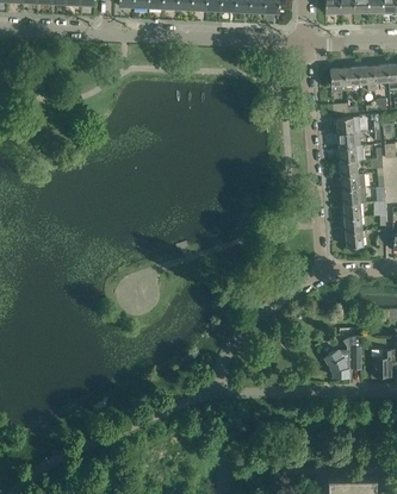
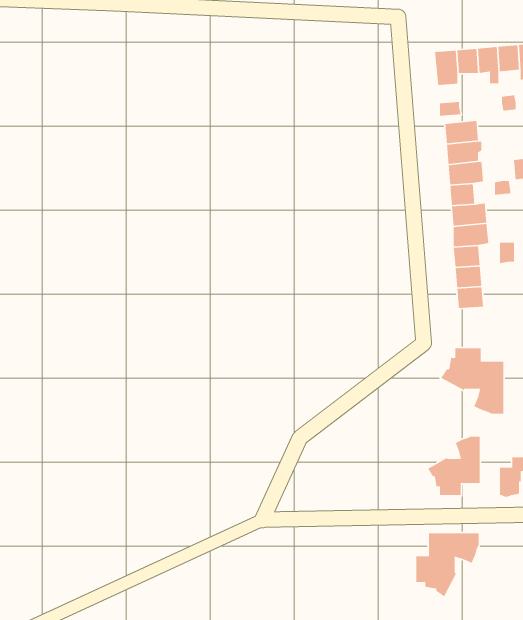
building: none -> [440,347,504,414]
building: none -> [415,532,479,598]

